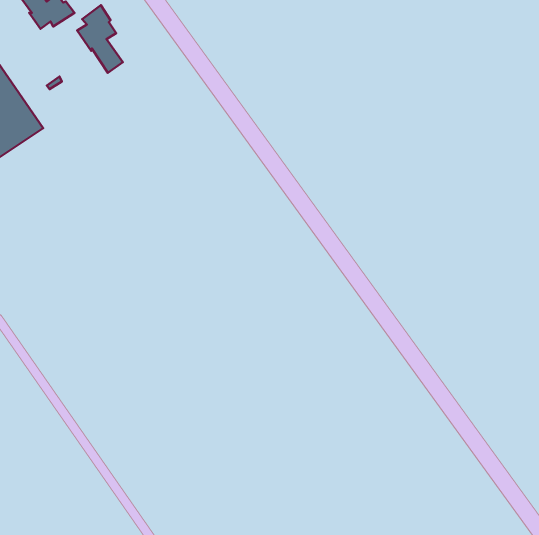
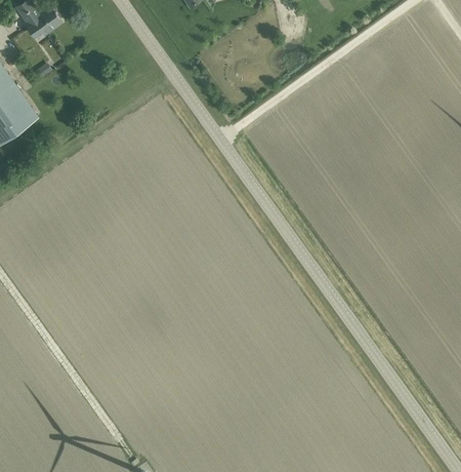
building: [77,5,123,73] -> none

